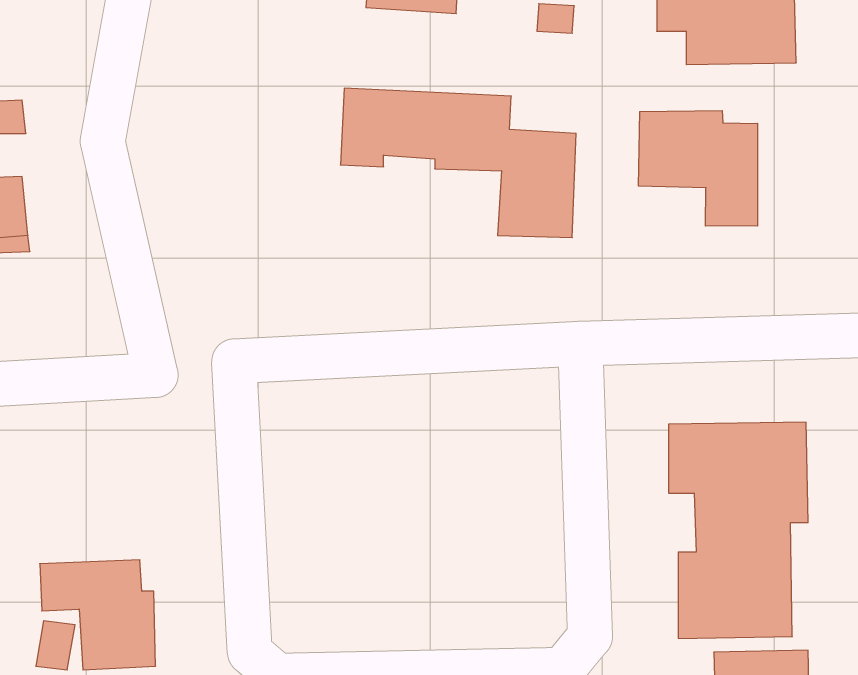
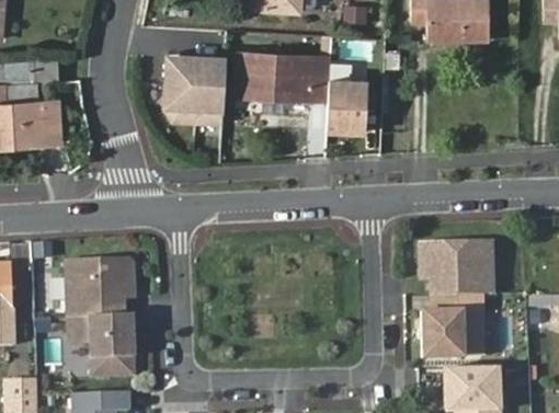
building: none -> [166,55,226,122]
building: [639,111,758,226] -> none
building: none -> [65,260,134,318]

